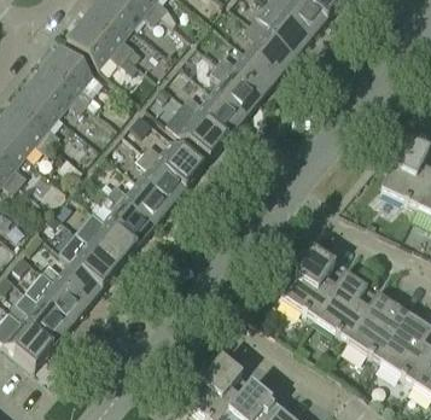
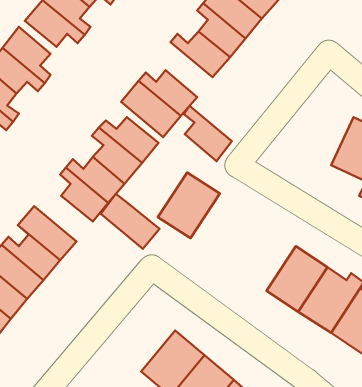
building: [210,60,260,117] -> [184,106,232,161]
building: [76,209,136,266] -> [101,194,159,249]
building: [281,249,345,316] -> [158,172,220,238]

